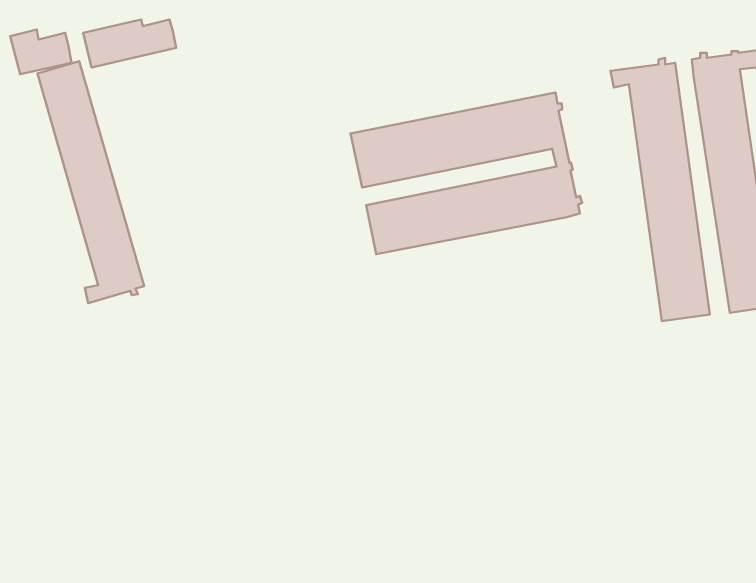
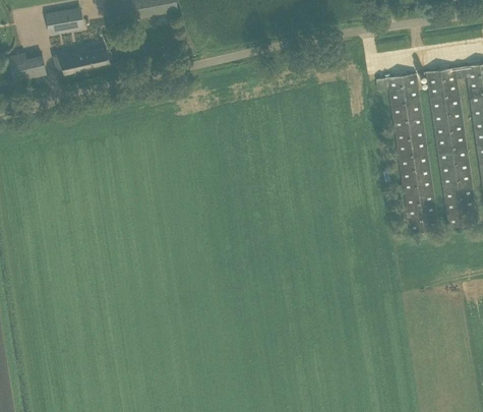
building: [37,61,144,303] -> none
building: [351,93,582,254] -> none

